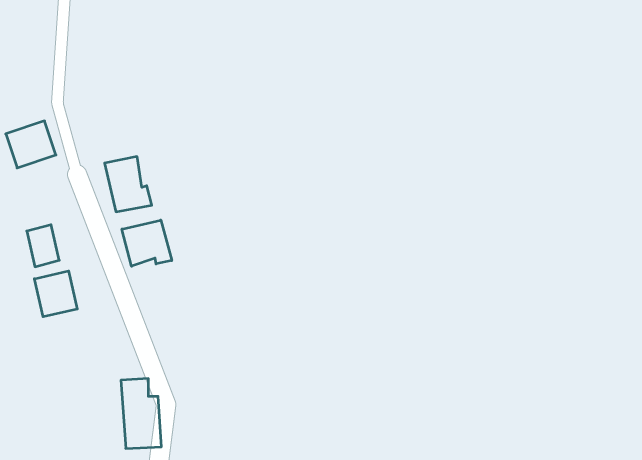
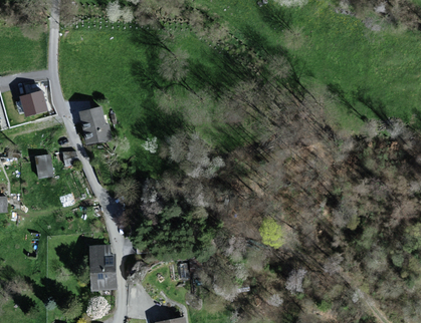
building: [122,220,172,266] -> none
building: [34,271,77,317] -> none

